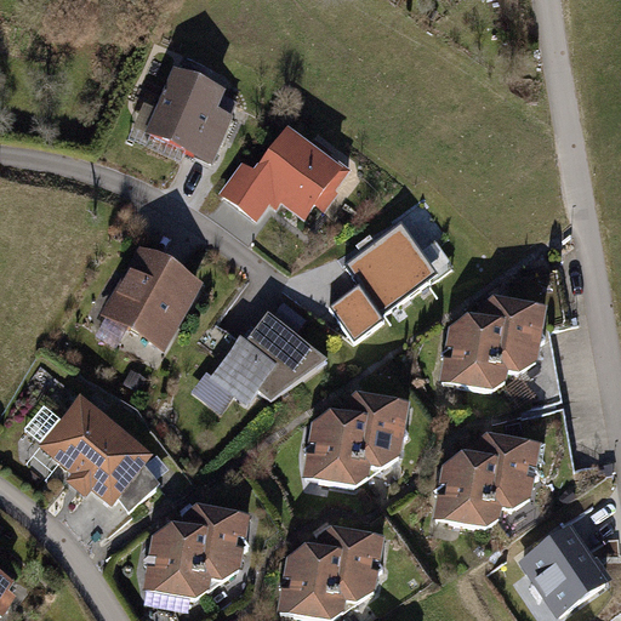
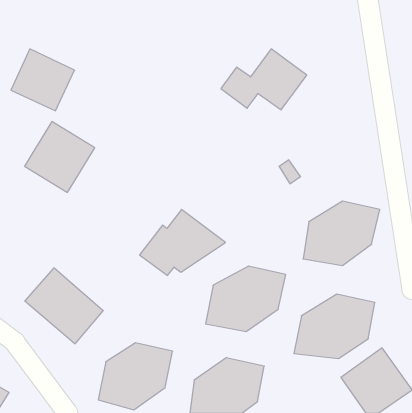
building: [144,68,238,159] -> [11,49,75,111]
building: [215,132,341,222] -> [221,49,307,110]
building: [320,223,427,330] -> none
building: [97,243,200,347] -> [25,122,95,192]

